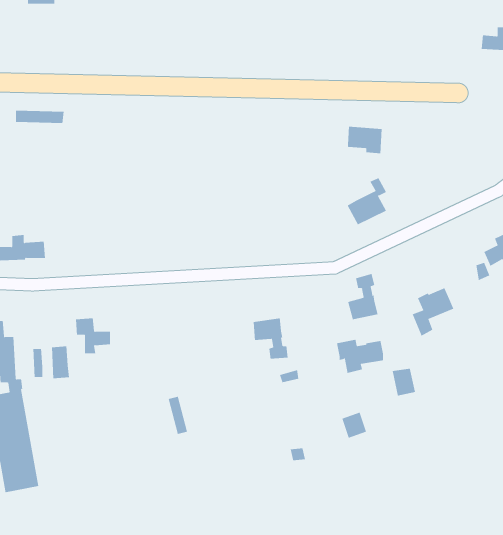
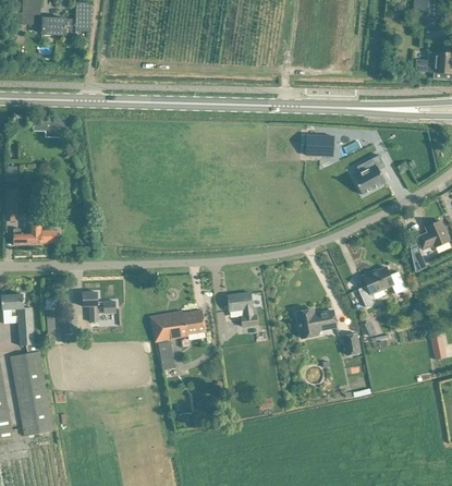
building: [347,178,387,225] -> [353,154,386,193]
building: [348,273,378,320] -> none
building: none -> [150,309,206,341]

